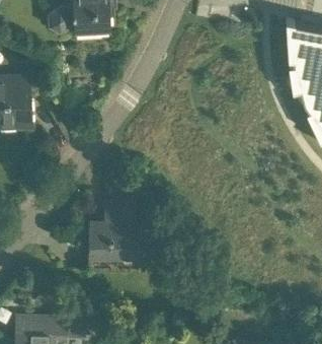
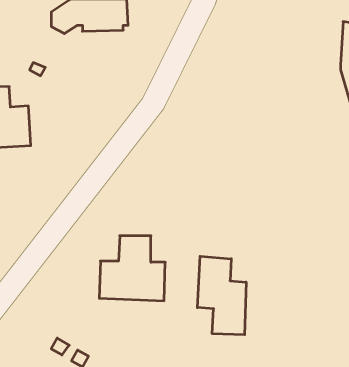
building: none -> [197,256,246,335]

